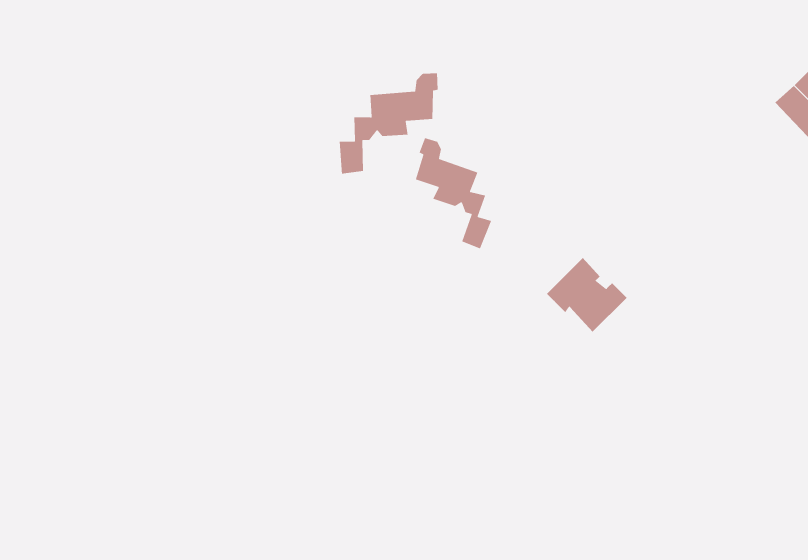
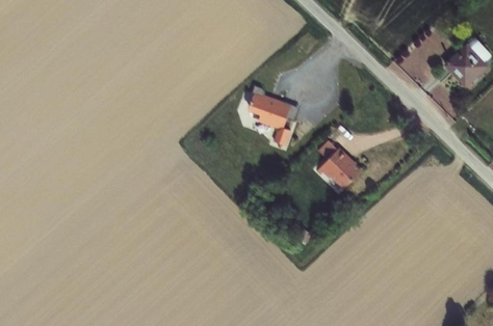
building: [339,73,439,175] -> none

